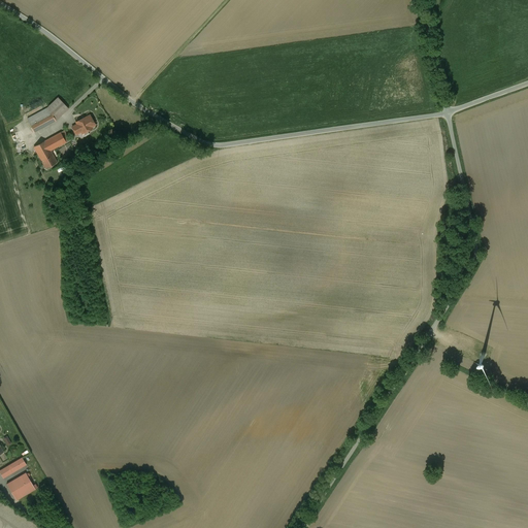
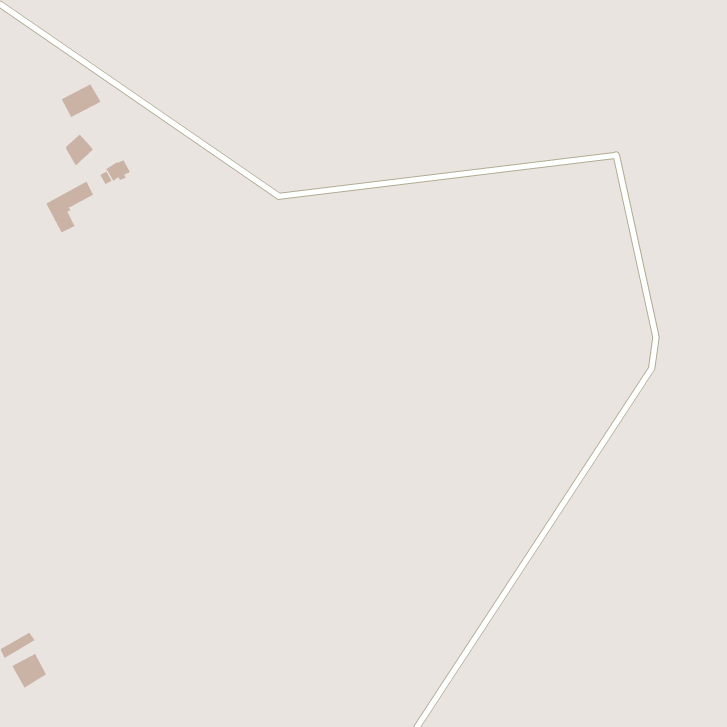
building: [26,108,55,133] -> [61,84,101,118]

